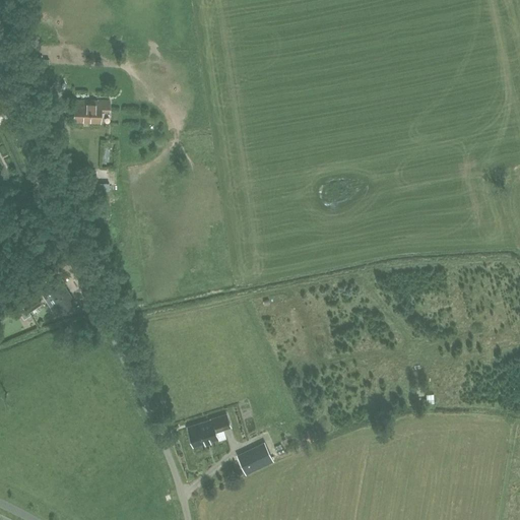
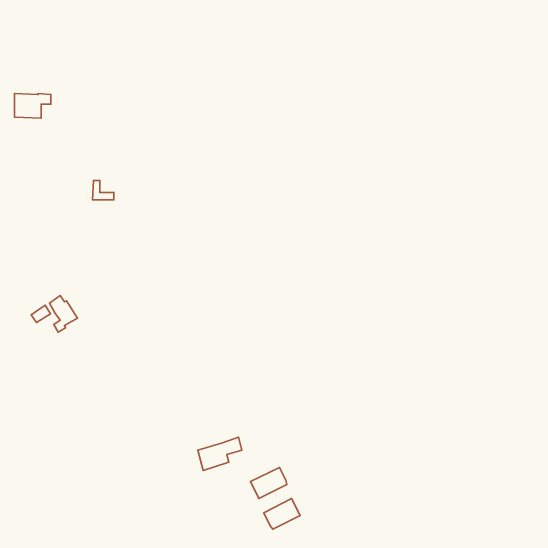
building: [74,99,109,122] -> [14,93,51,118]
building: none -> [264,498,300,529]

